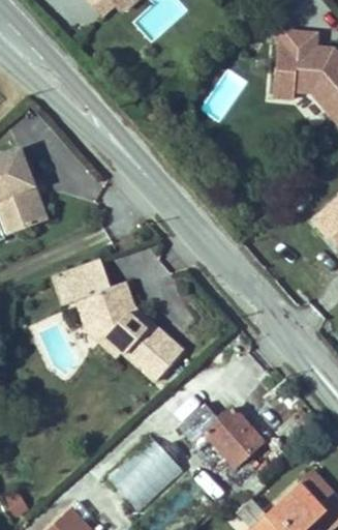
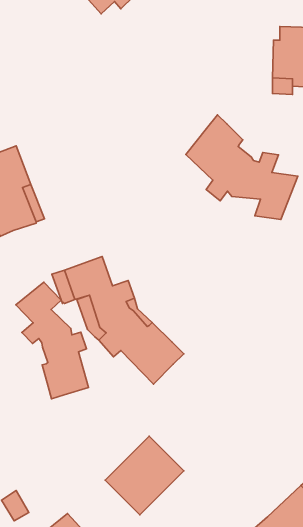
building: none -> [186,115,298,219]
building: none -> [16,282,89,399]
building: [179,406,262,467] -> none

